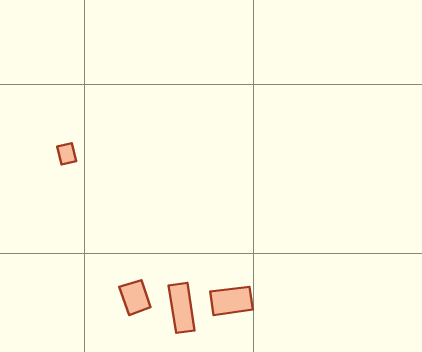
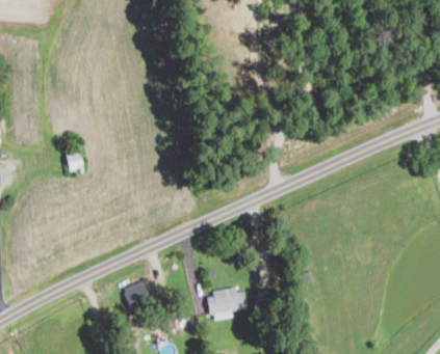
building: [169,283,194,333] -> none

